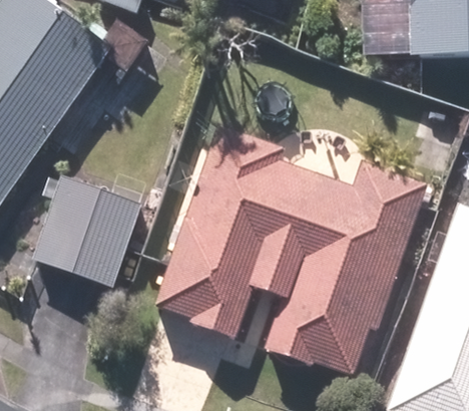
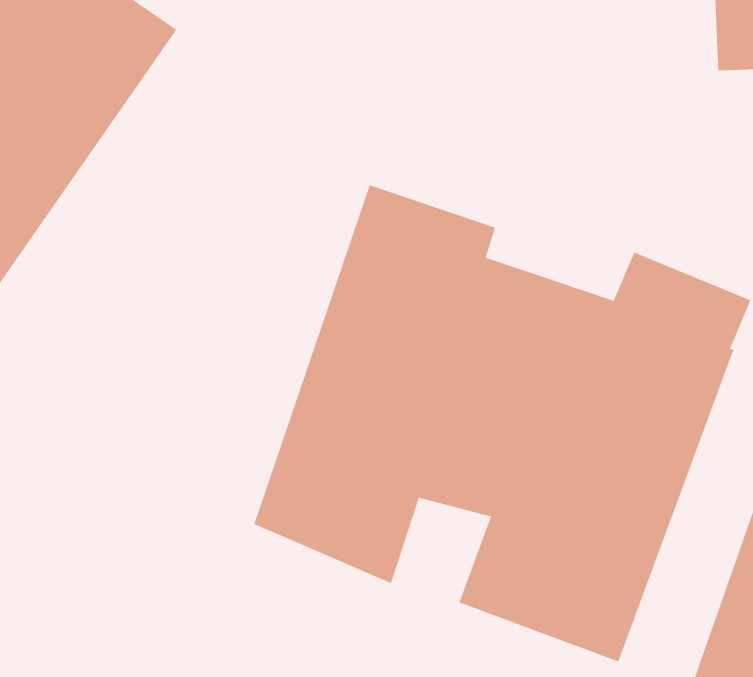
building: [34,174,139,287] -> none

